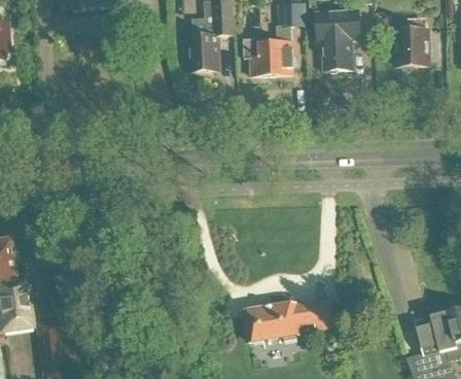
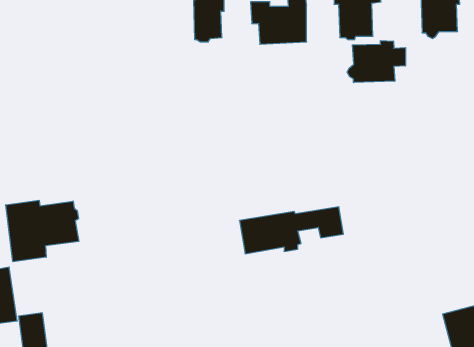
building: none -> [347,41,406,83]
building: none -> [6,200,79,262]
building: [245,299,339,341] -> [239,207,343,254]

